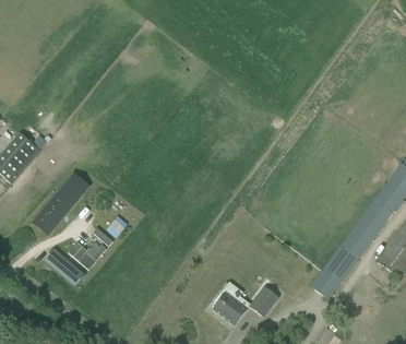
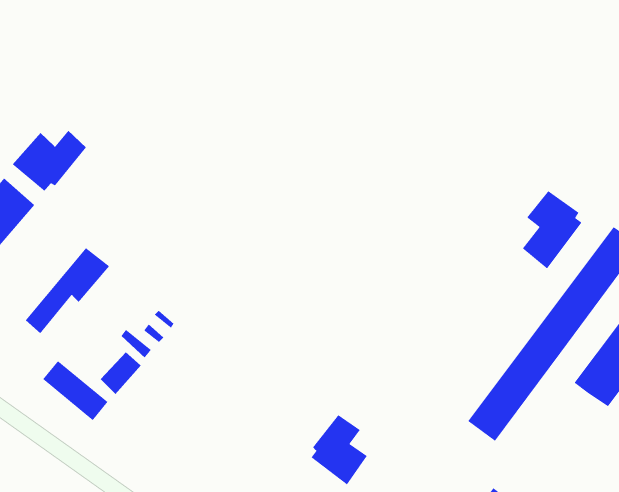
building: none -> [12,130,87,192]
building: none -> [522,190,582,270]
building: [249,286,278,317] -> none

